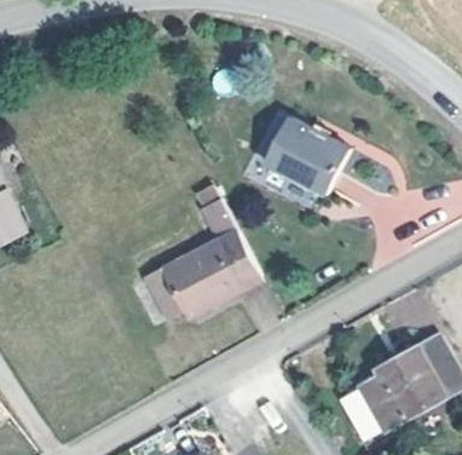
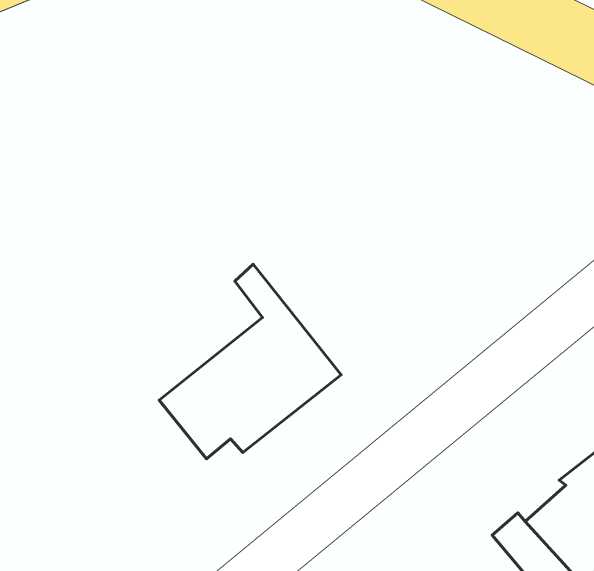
building: [268,120,352,195] -> none

